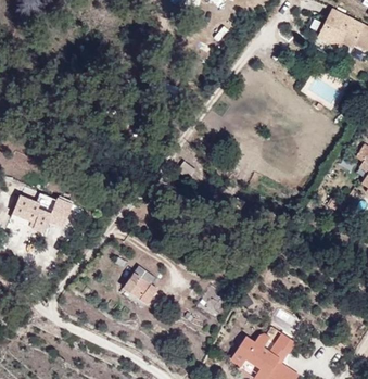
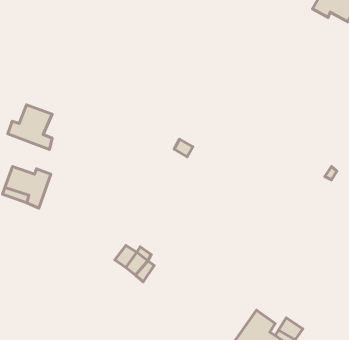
building: none -> [8,105,52,149]

